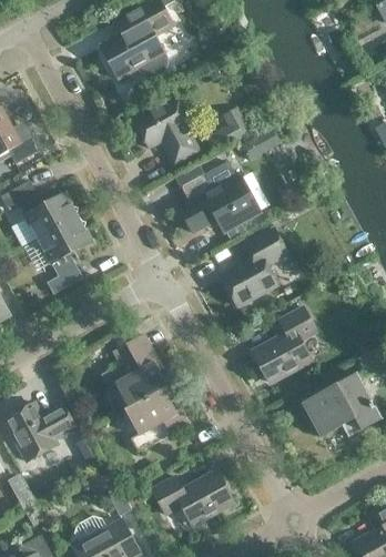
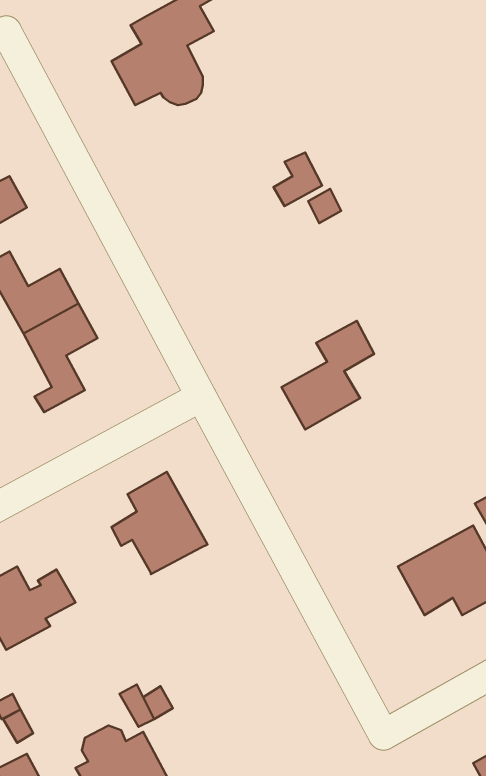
building: [133,99,199,164] -> none
building: [180,162,261,233] -> none
building: [253,307,316,383] -> none
building: [125,389,184,453] -> none
building: [152,473,233,525] -> none

